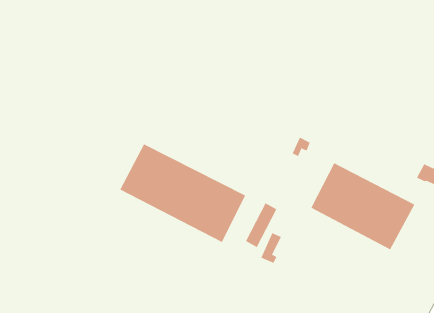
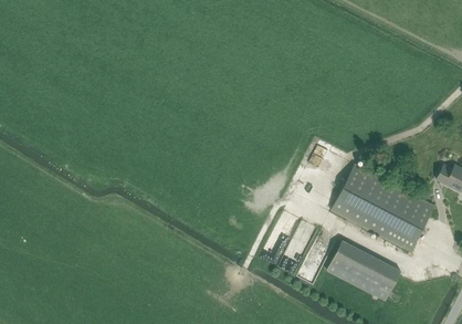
building: [120,143,246,243] -> none
building: none -> [327,240,401,301]

